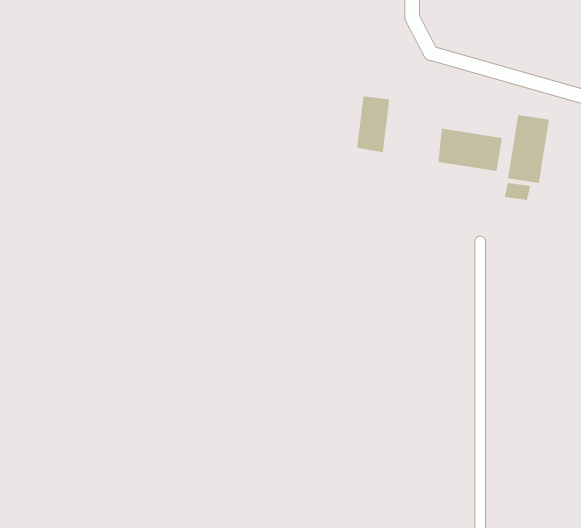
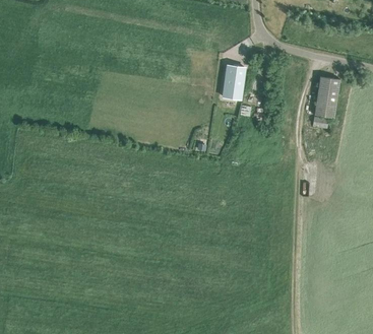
building: [438,128,503,172] -> none

